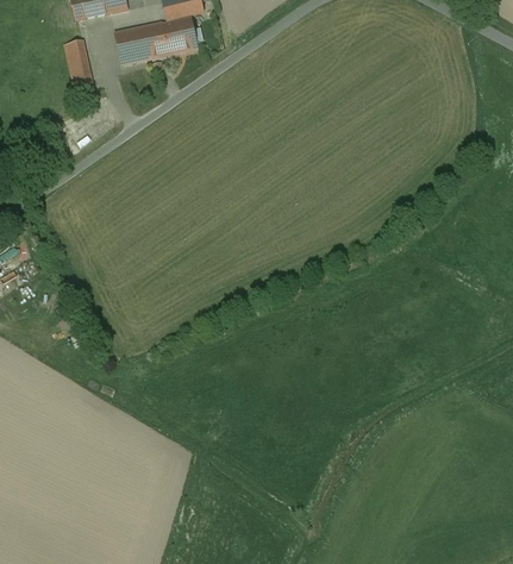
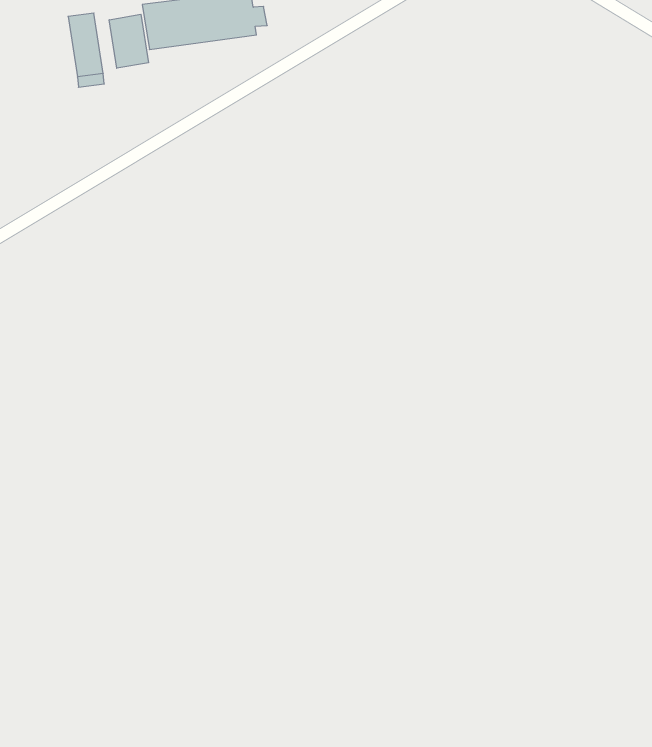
building: none -> [109,14,148,68]

